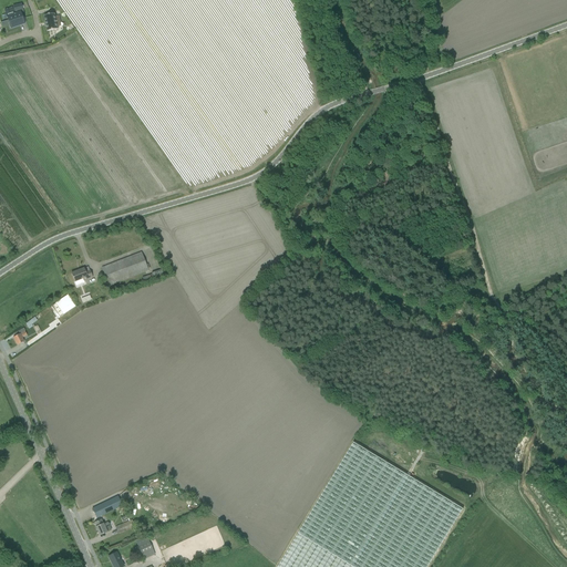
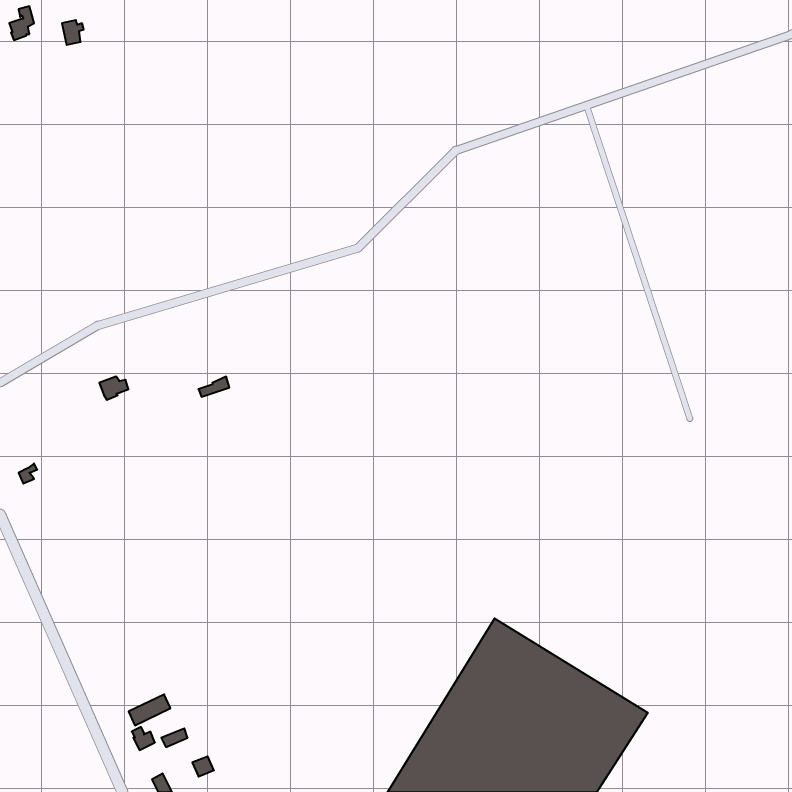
building: [102,252,148,286] -> none

